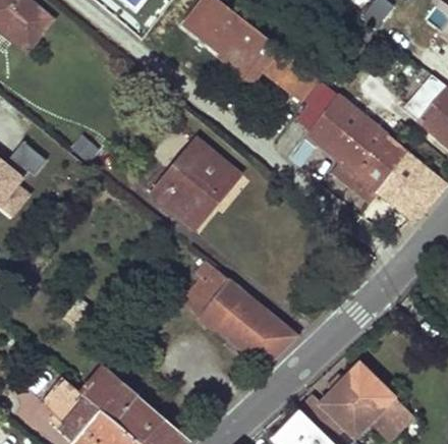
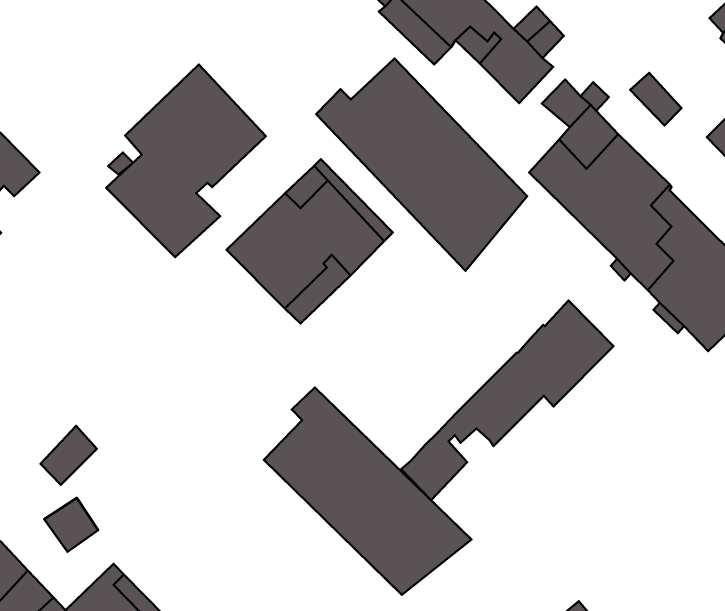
building: none -> [316,58,527,271]
building: none -> [106,64,266,257]
building: none -> [401,300,613,500]

